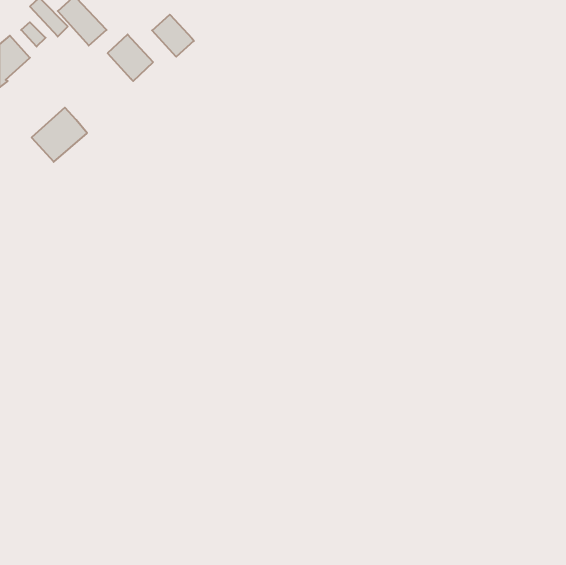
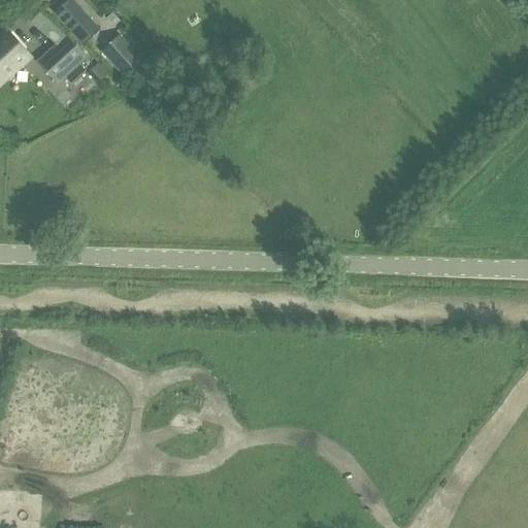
building: [152,15,194,57] -> none
building: [32,108,87,162] -> [35,32,87,82]

